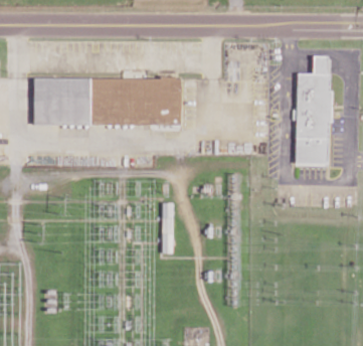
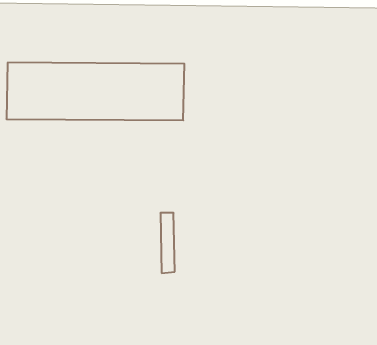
building: [296,54,332,164] -> none

